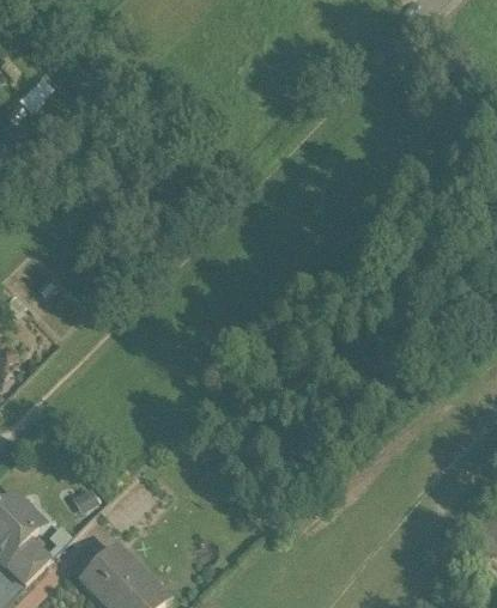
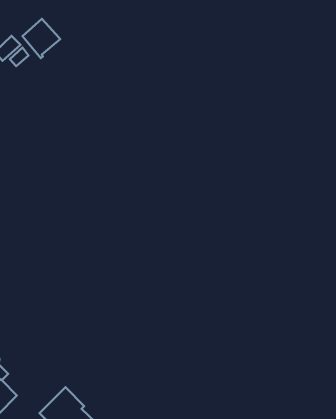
building: none -> [23,19,60,58]

